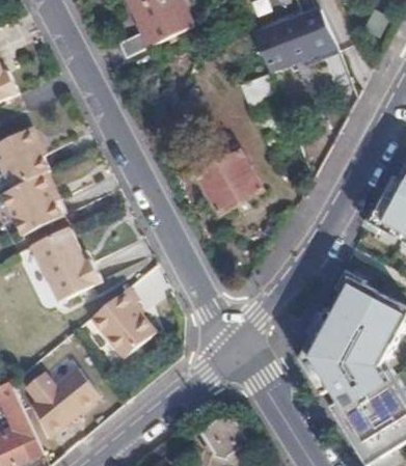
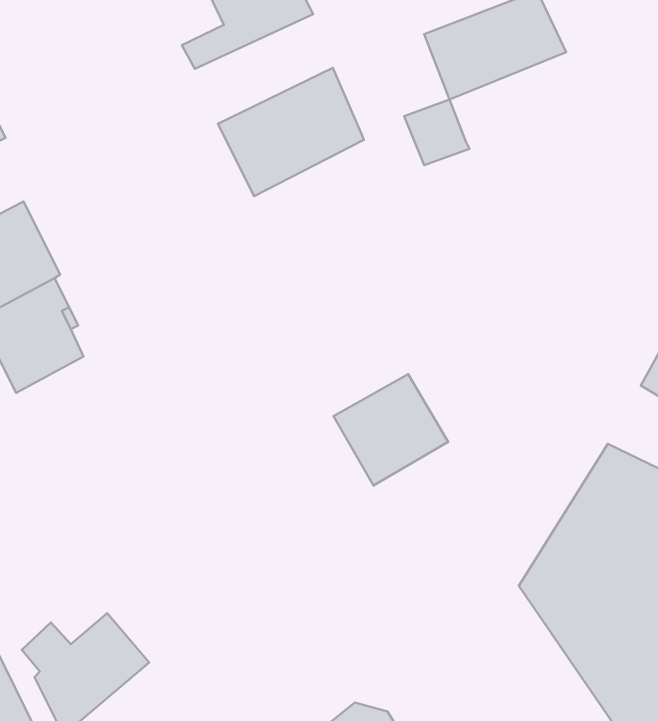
building: none -> [218,68,364,196]
building: [197,150,263,214] -> [333,374,448,485]
building: [32,229,102,304] -> none
building: [89,287,155,358] -> none

